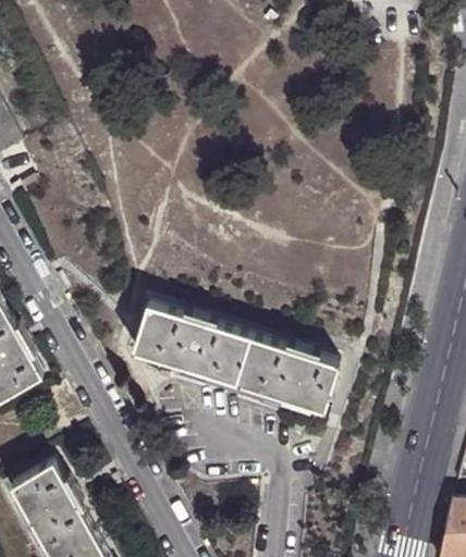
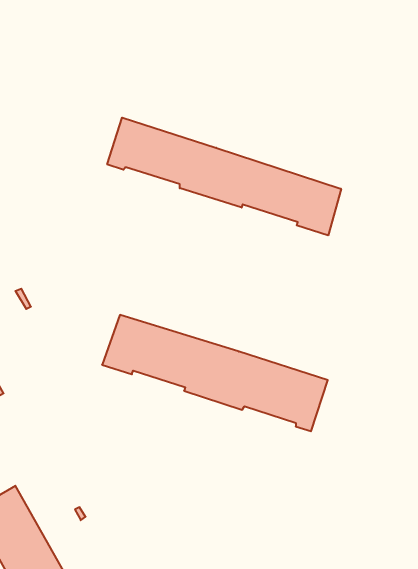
building: none -> [107,118,341,235]

